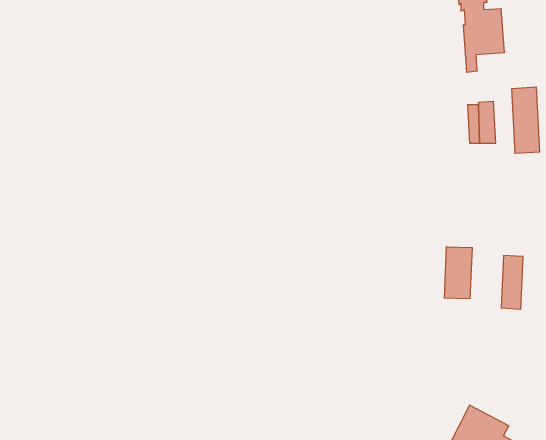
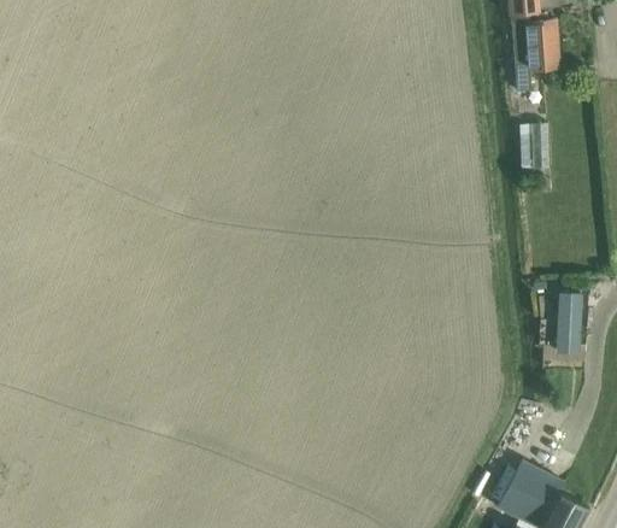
building: [512,87,540,154] -> none
building: [444,247,472,299] -> none

